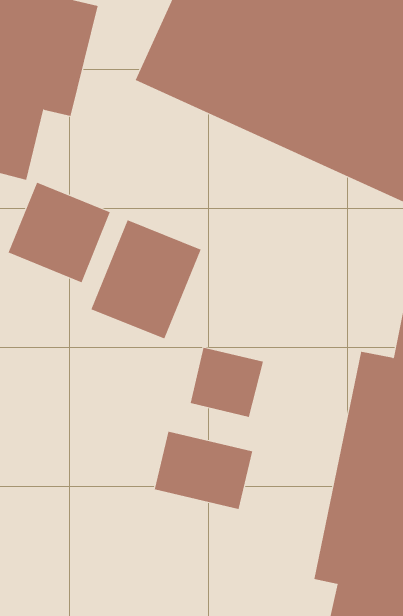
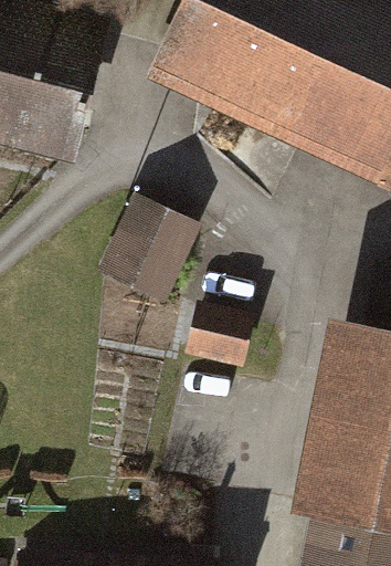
building: [8,182,111,283] -> none
building: [154,431,253,510] -> none

